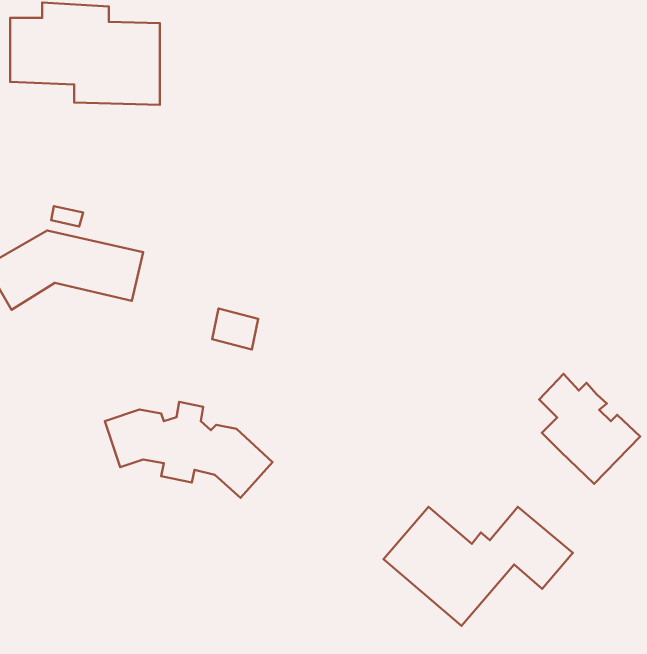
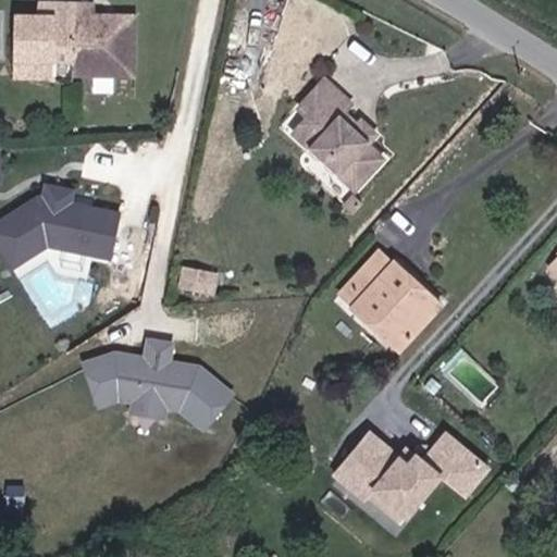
building: none -> [287,79,396,208]
building: [539,374,640,484] -> [350,250,436,344]

